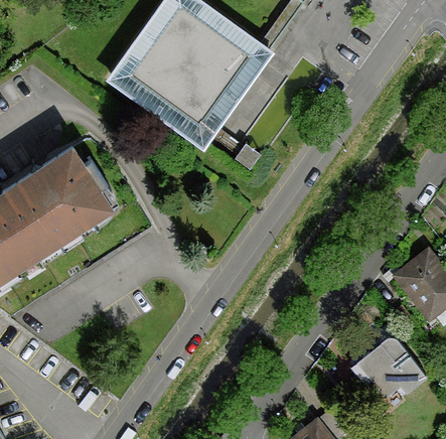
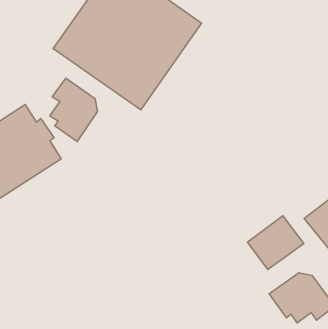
building: none -> [50,78,98,142]
building: none -> [247,216,304,270]

